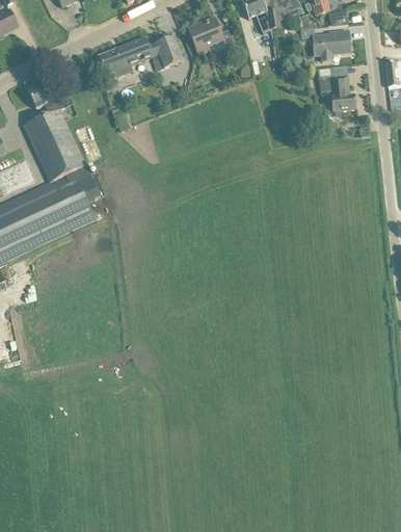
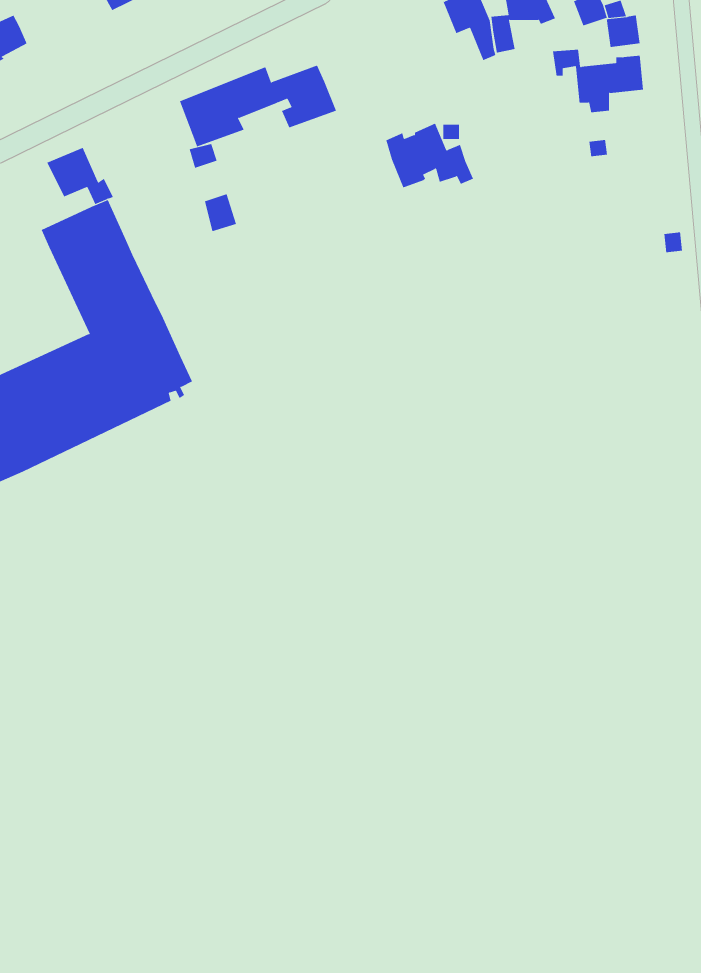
building: [188,18,236,53] -> [385,123,474,188]
building: [331,75,356,111] -> none

